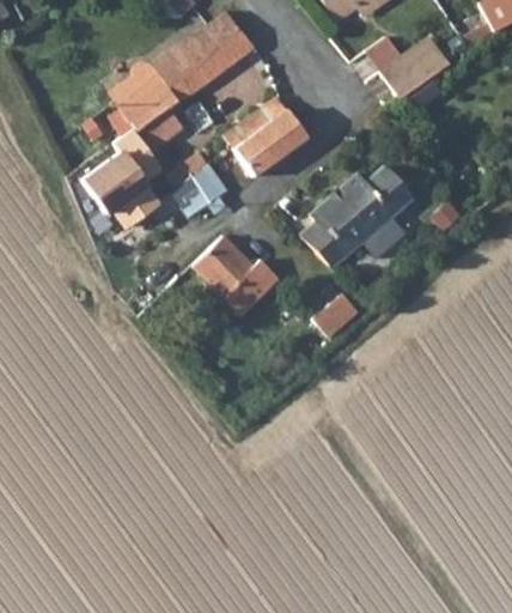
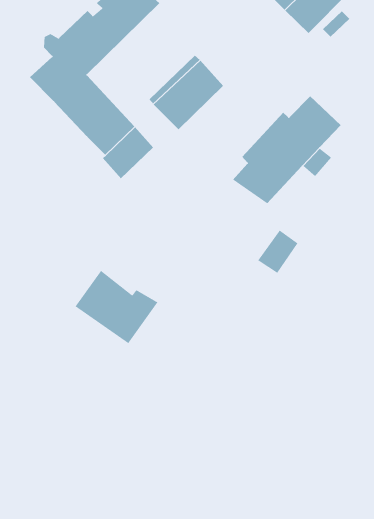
building: [89,127,160,229] -> none
building: [194,235,279,314] -> [74,270,159,344]

